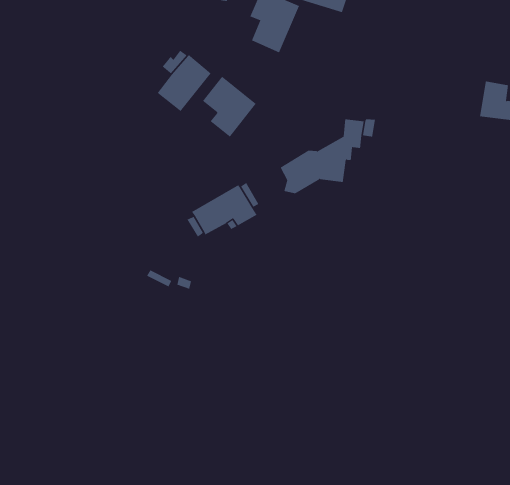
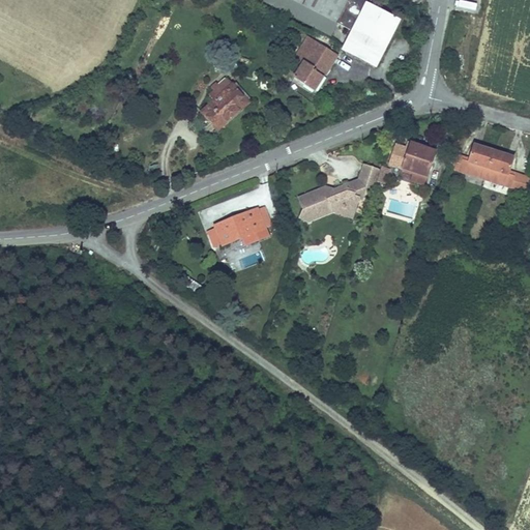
building: [202,76,257,138] -> none
building: none -> [451,142,495,179]
building: none -> [388,140,437,184]

